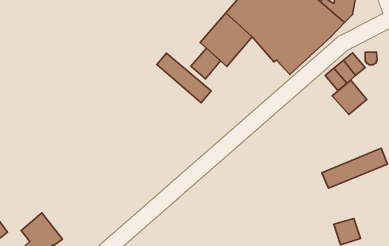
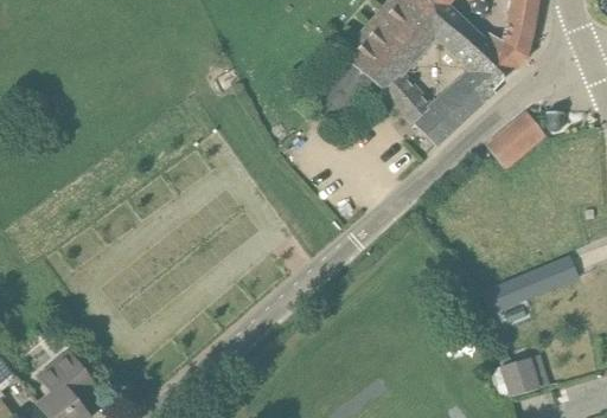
building: [191,48,220,79] -> none
building: [157,53,211,103] -> none
building: [332,80,367,115] -> none

